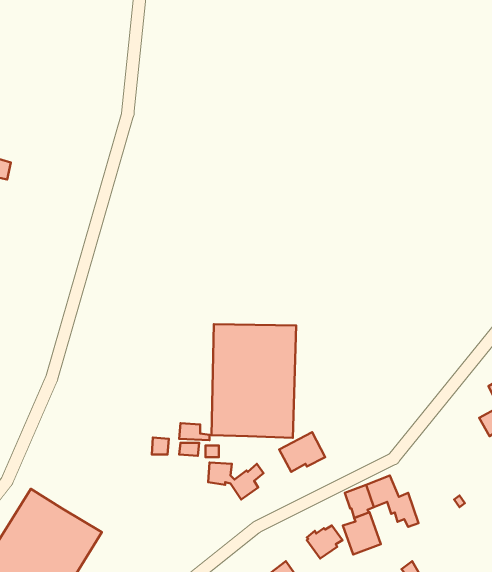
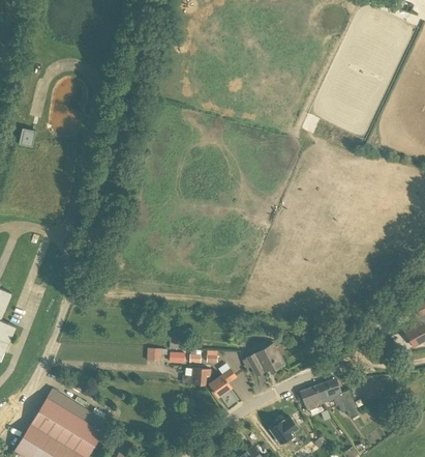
building: [211,324,296,438] -> none
building: [343,512,381,554] -> none

